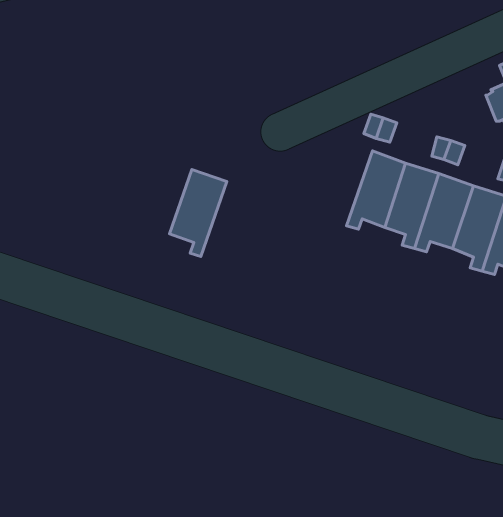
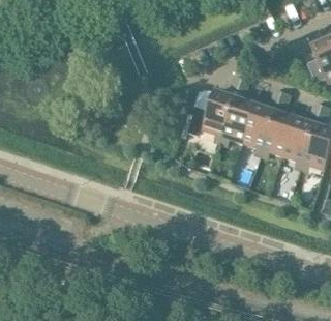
building: [169,169,227,257] -> [202,88,236,140]

